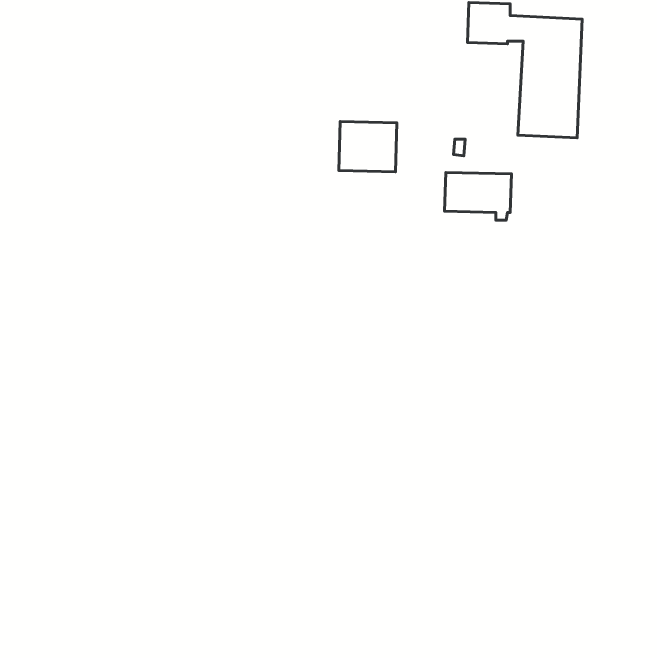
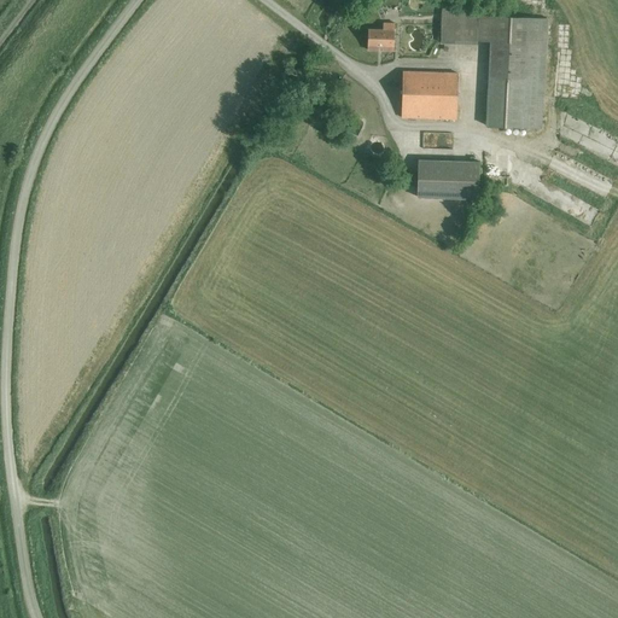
building: none -> [368,22,395,47]
building: [339,122,397,172] -> [403,72,457,119]

